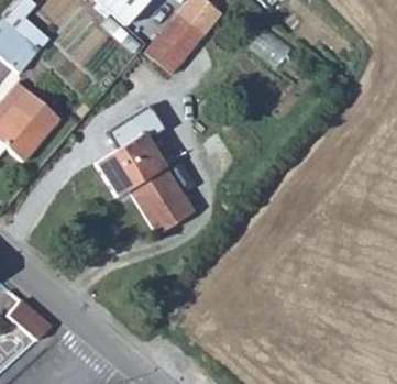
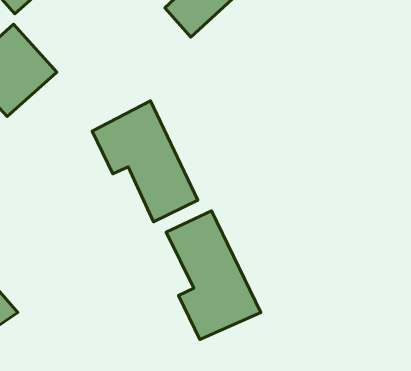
building: none -> [166,211,261,339]

